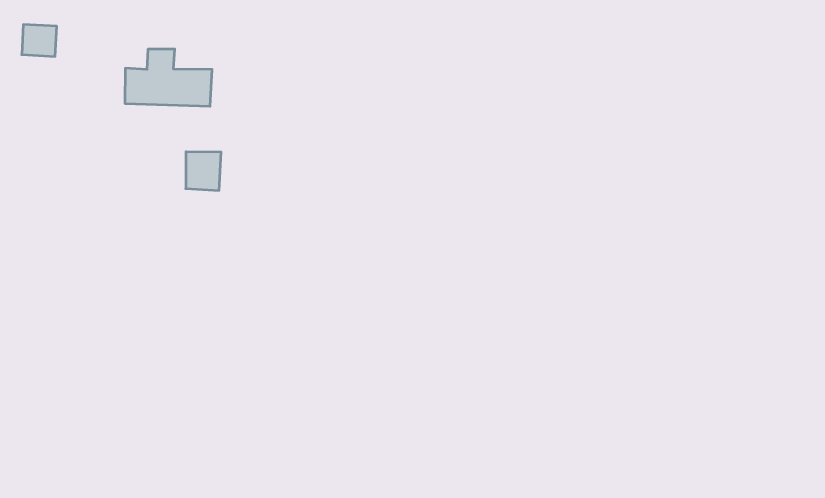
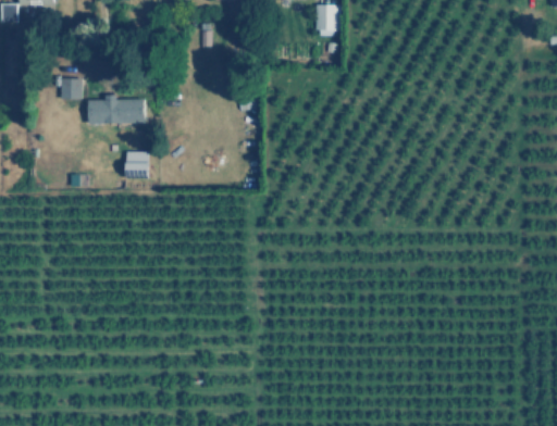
building: [22,25,57,56] -> [59,79,81,99]

